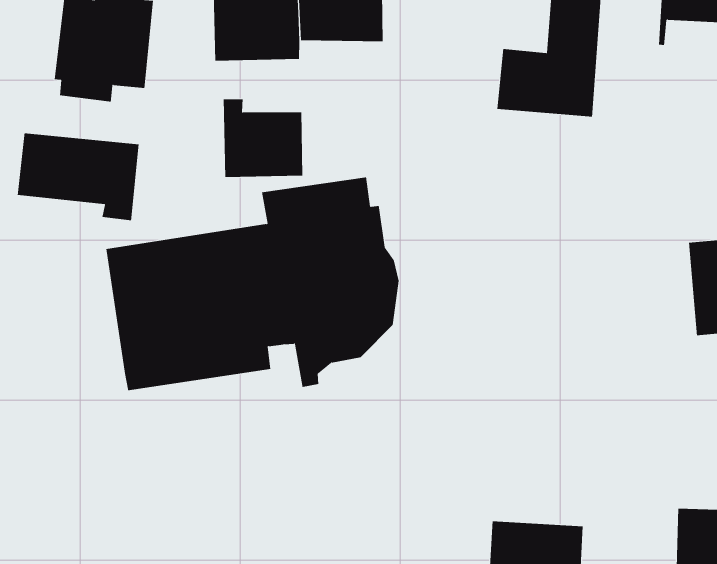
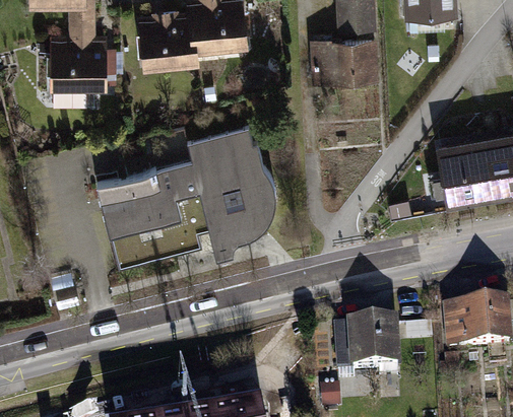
building: [223,98,303,178] -> none
building: [17,133,139,221] -> none

